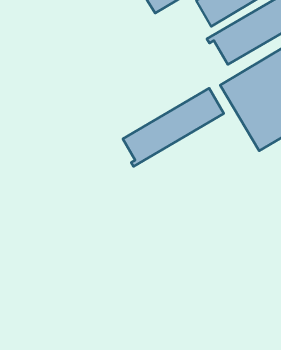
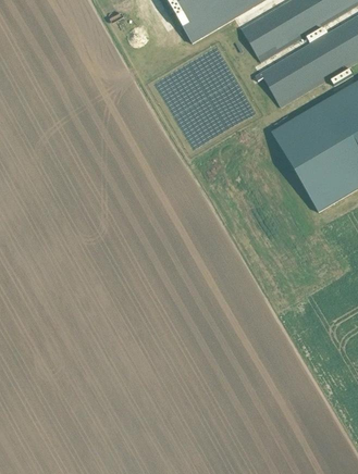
building: [123,88,224,167] -> none

